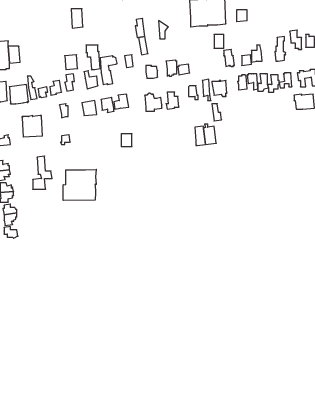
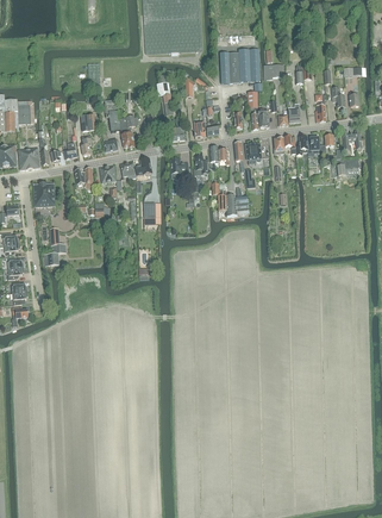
building: [63,169,96,200] -> none

